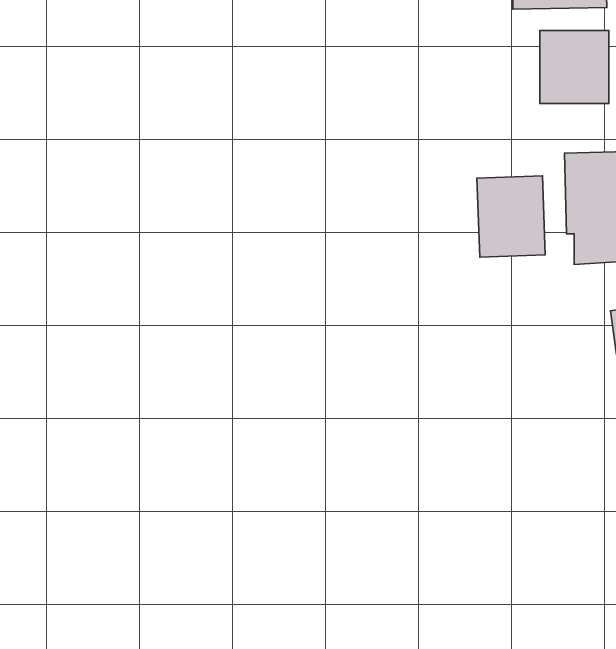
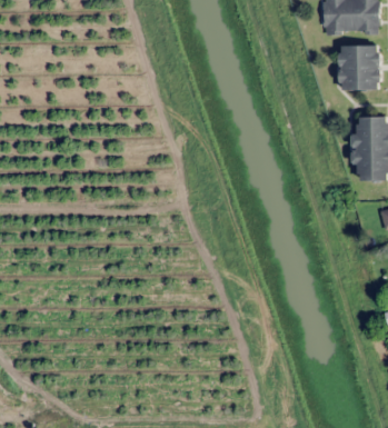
building: [477,176,545,257] -> none

